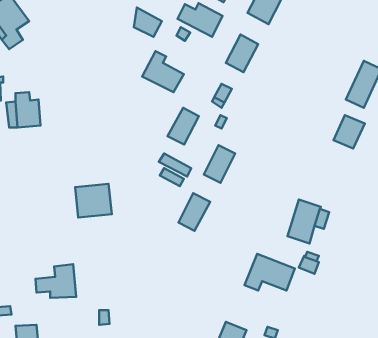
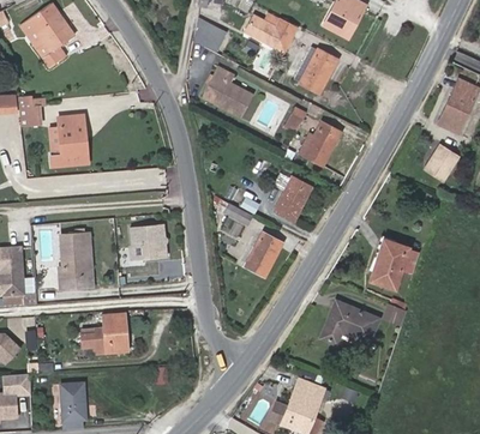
building: [168,108,199,144] -> [304,122,340,164]
building: none -> [59,233,88,288]

